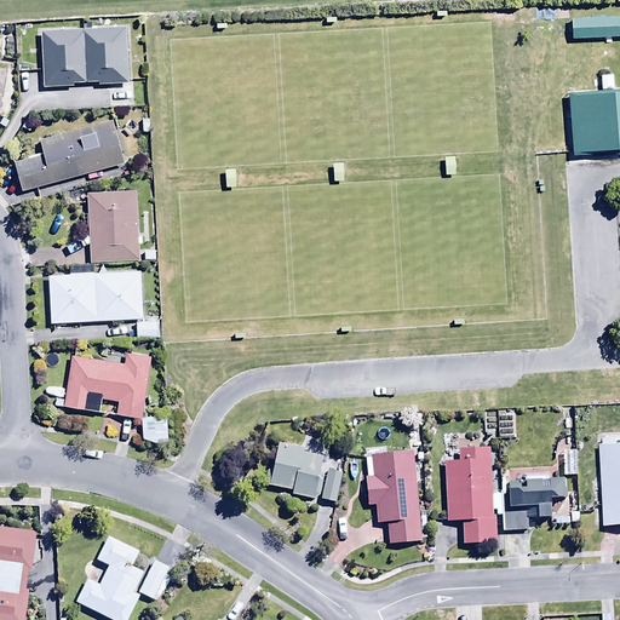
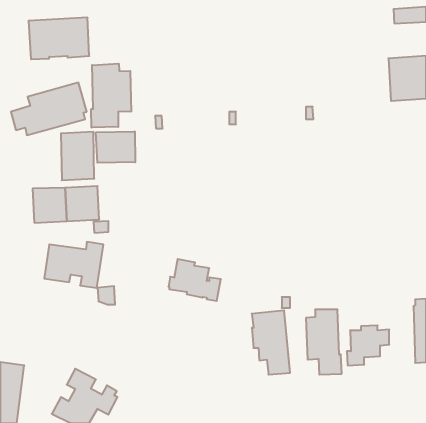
building: none -> [91,64,131,128]
building: none -> [96,131,135,163]
building: [266,442,343,503] -> [168,259,221,301]

